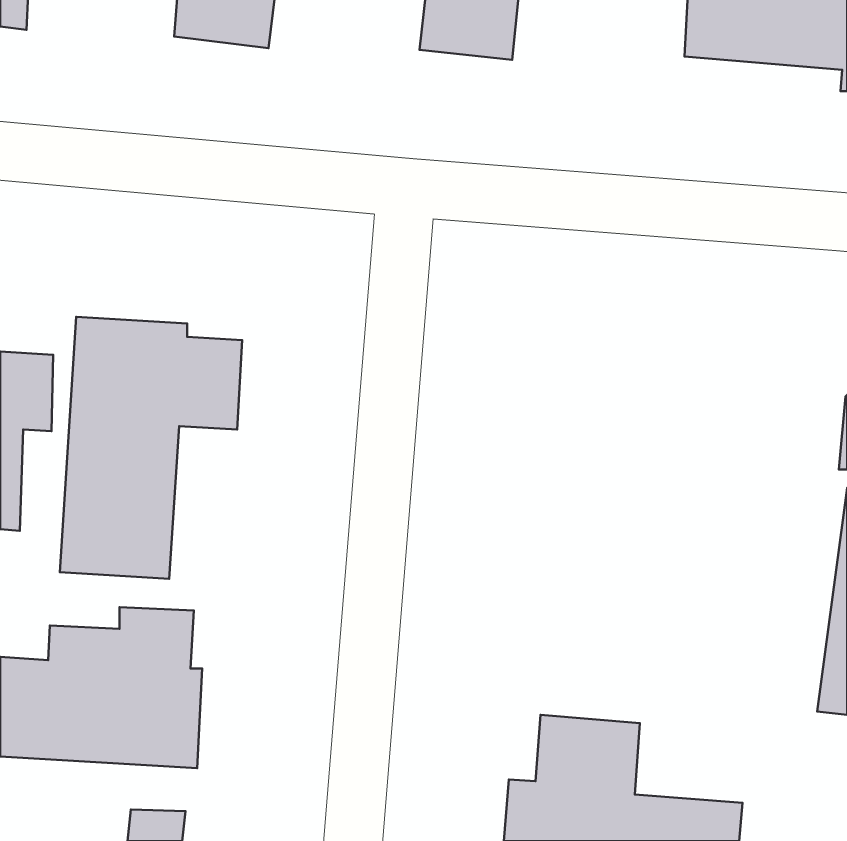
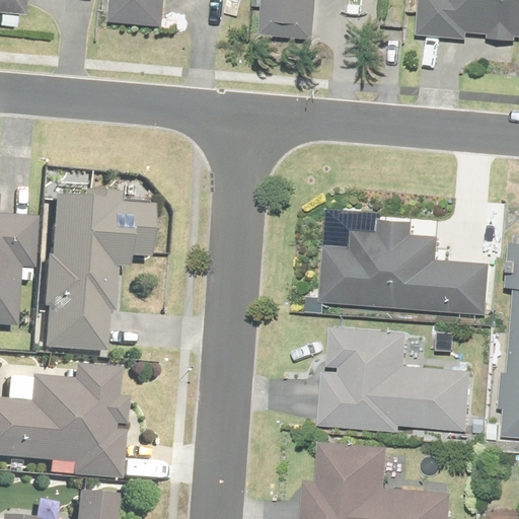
building: none -> [325,220,481,315]
building: none -> [320,327,473,432]

